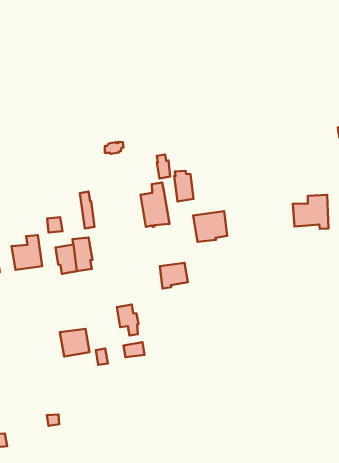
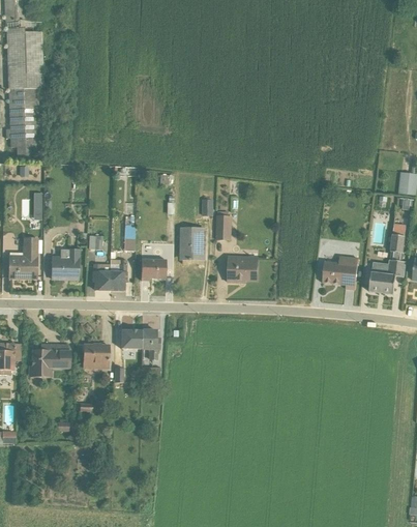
building: [160,263,188,289] -> [140,258,165,280]
building: none -> [120,329,141,348]
building: none -> [27,344,69,376]

